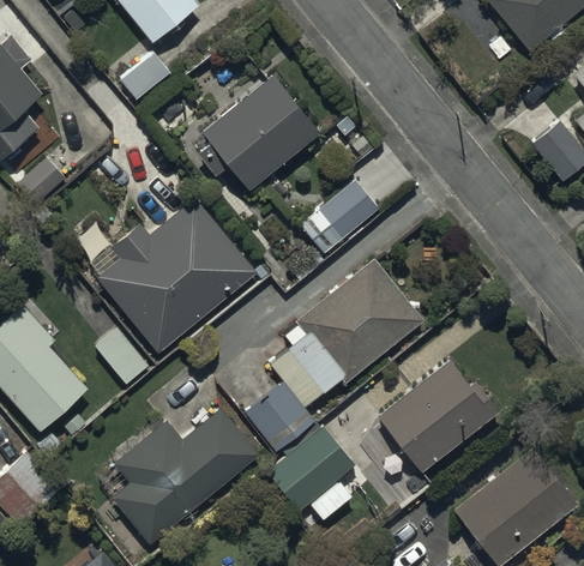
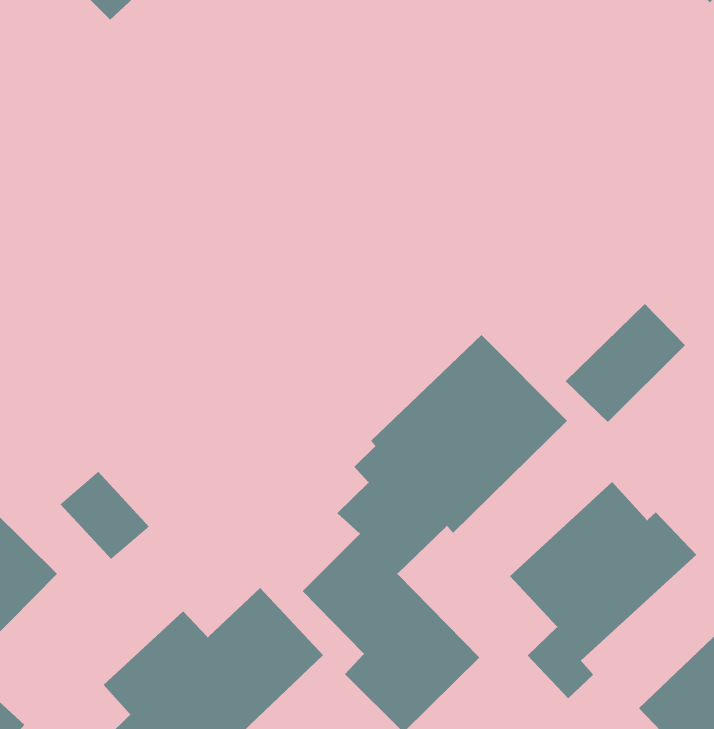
building: [195,73,320,189] -> none
building: [299,180,378,254] -> [565,303,686,423]
building: [97,197,255,353] -> none

